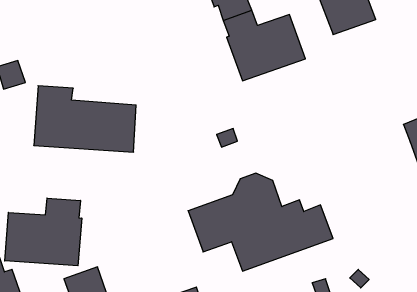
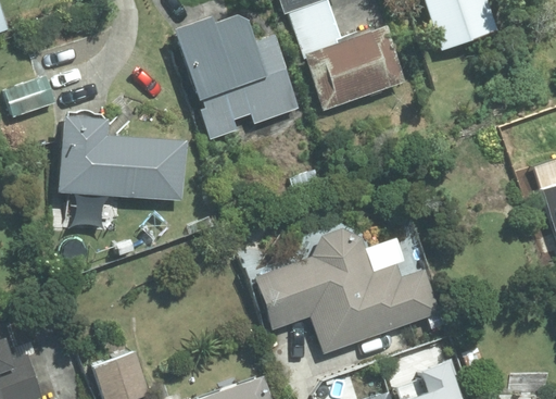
building: none -> [172,11,298,138]
building: [5,198,82,266] -> none

